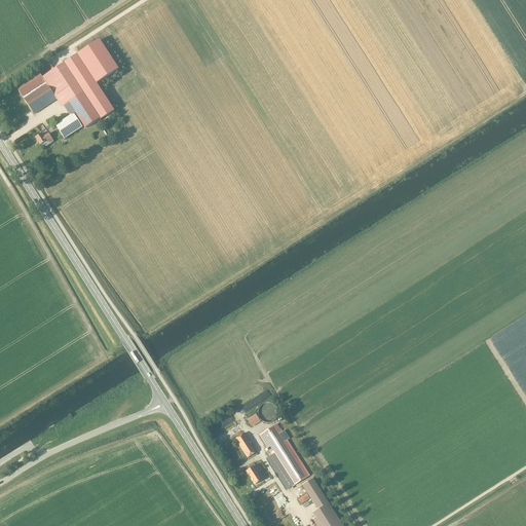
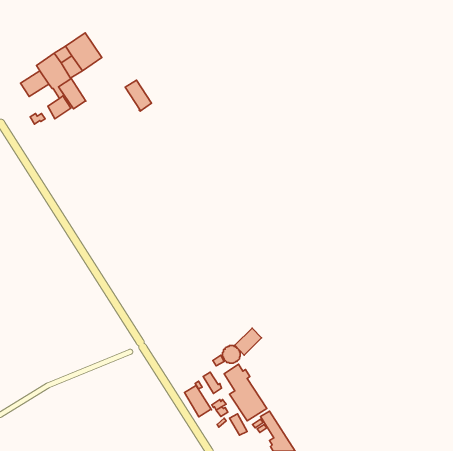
building: [15,70,46,97] -> none
building: [82,82,113,118] -> [125,80,152,111]
building: none -> [235,328,261,355]
building: none -> [184,385,211,417]

